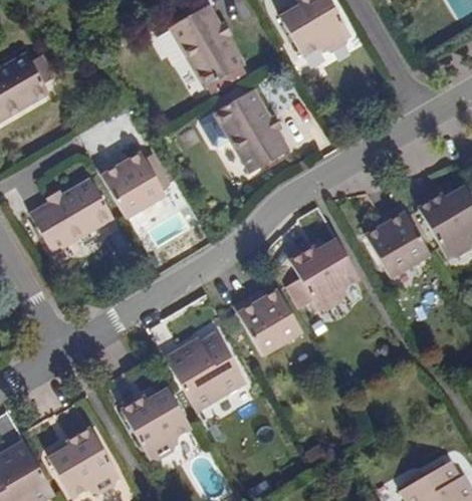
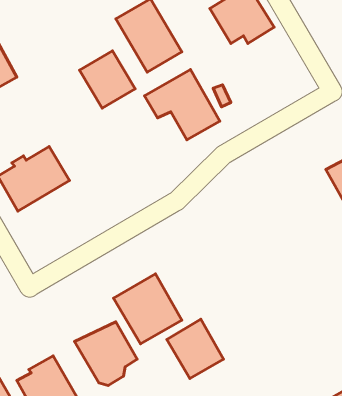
building: [99,149,166,217] -> [79,51,135,108]
building: [364,211,431,280] -> none
building: [290,236,360,312] -> none
building: [236,286,303,356] -> [167,319,224,379]

